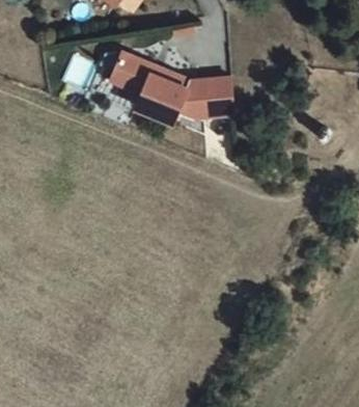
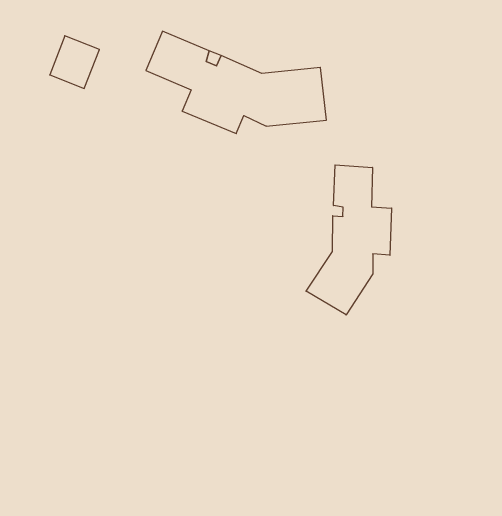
building: none -> [306,165,392,315]

